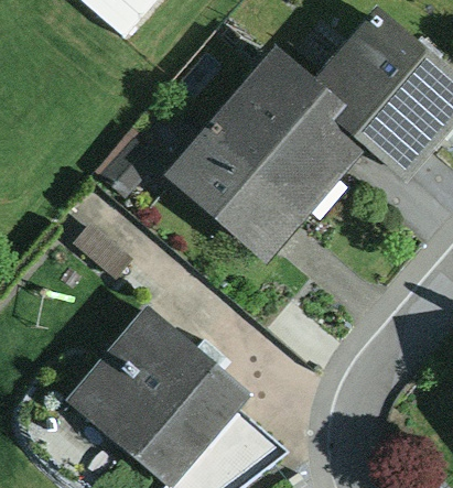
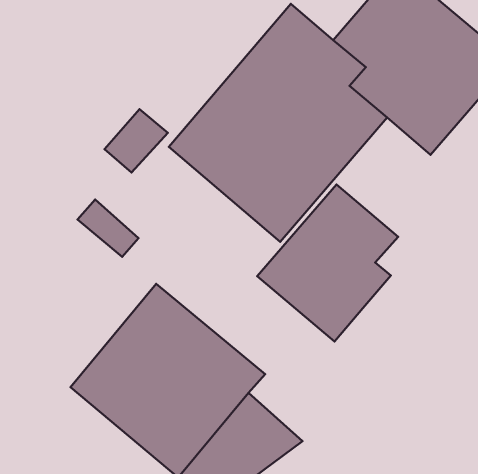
building: none -> [257,184,398,341]

